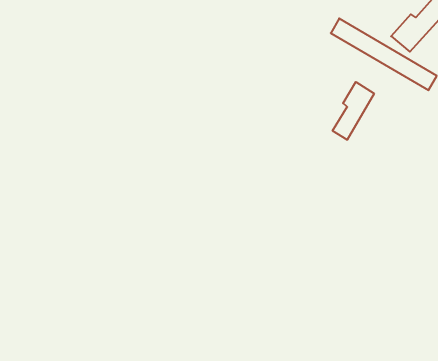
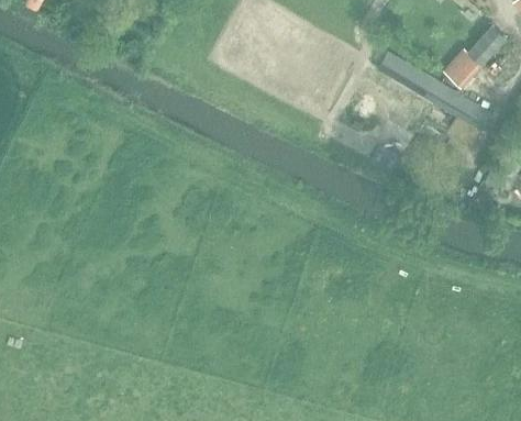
building: [333,82,374,140] -> none

